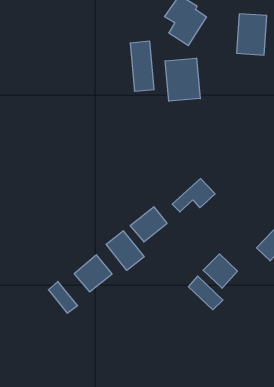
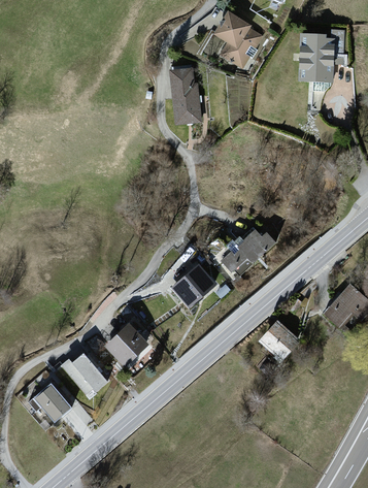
building: [165,58,200,101] -> none
building: [106,231,144,270] -> none
building: [188,276,223,310] -> none
building: none -> [33,384,71,423]

